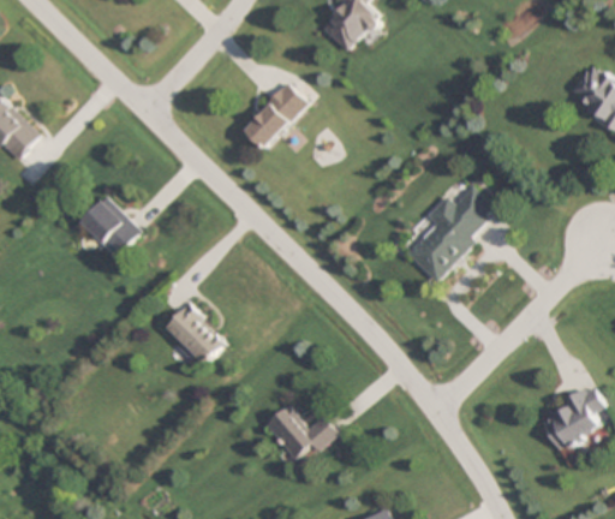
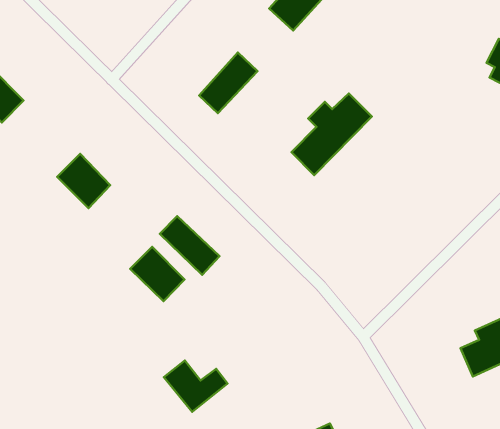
building: [406,186,498,280] -> [291,93,372,175]
building: none -> [160,216,220,275]
building: [263,405,336,464] -> [164,361,228,412]

